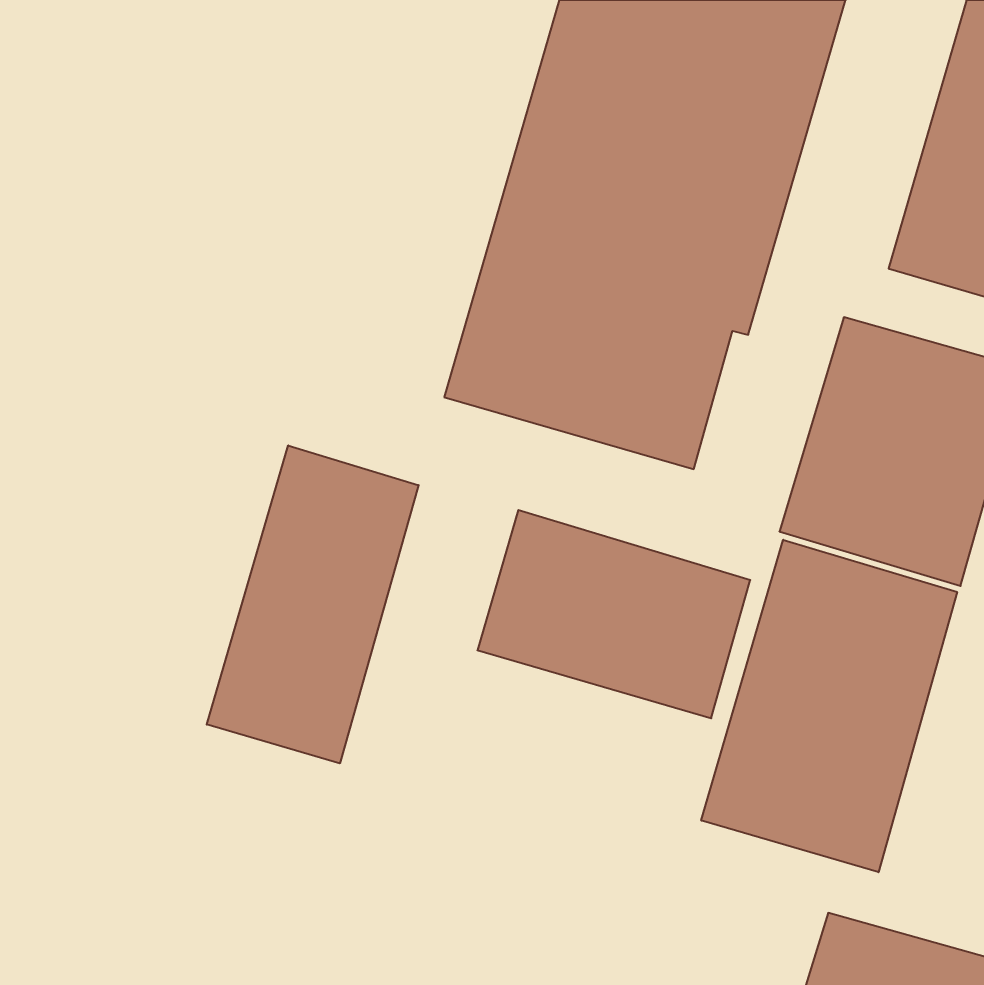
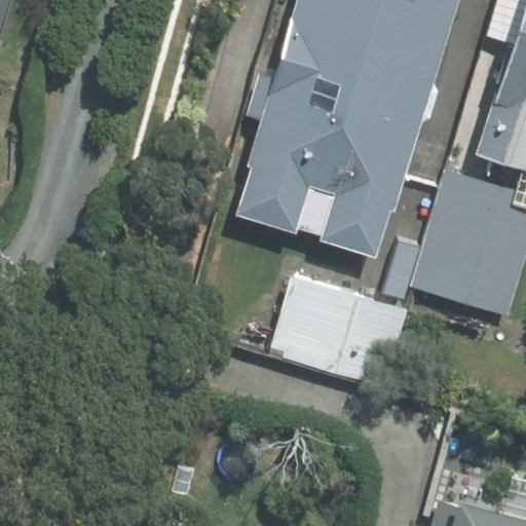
building: [207,445,419,763] -> none
building: [701,540,957,872] -> none

